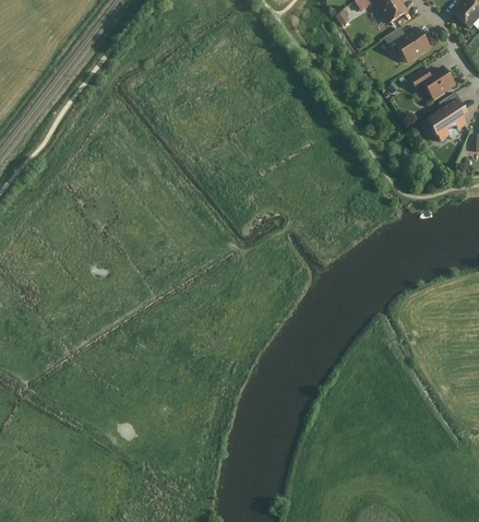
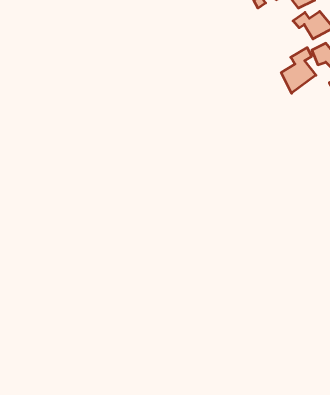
building: none -> [281,48,316,93]

